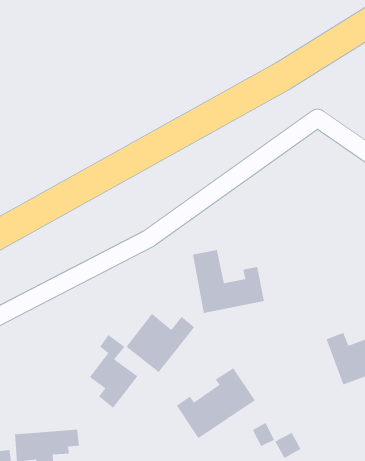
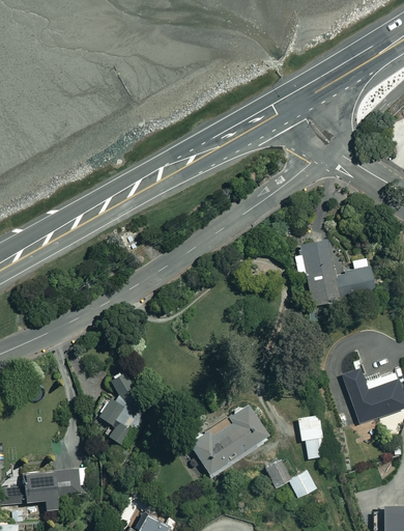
building: [192,249,265,314] -> [300,240,375,306]
building: [125,313,195,373] -> none
building: none -> [298,416,324,468]

